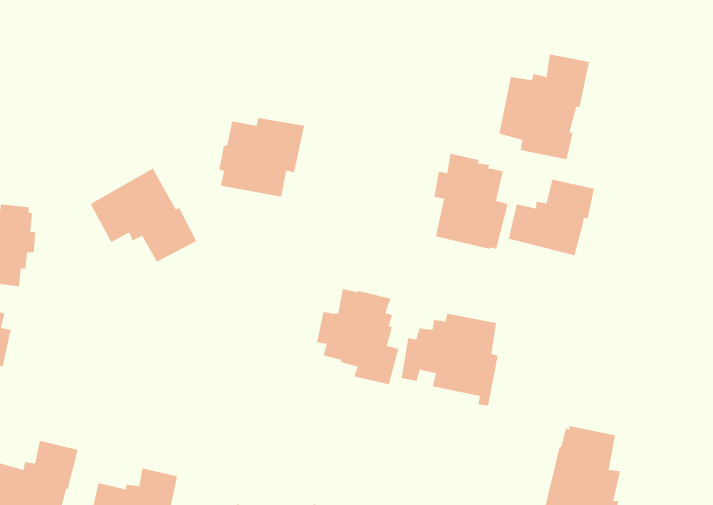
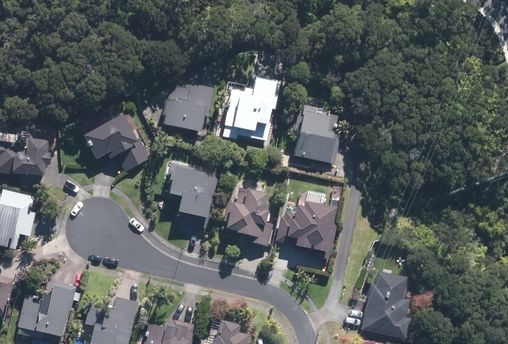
building: [499,54,590,160] -> [225,75,281,140]
building: [508,179,595,256] -> none
building: none -> [168,163,219,228]

